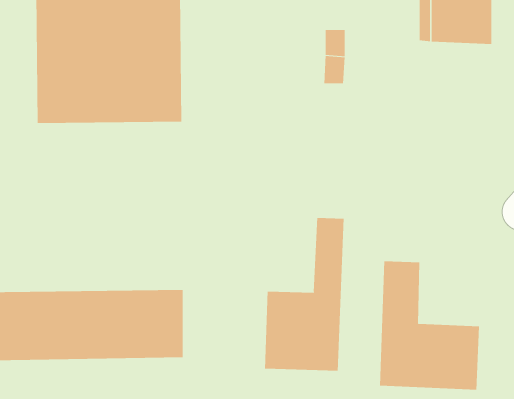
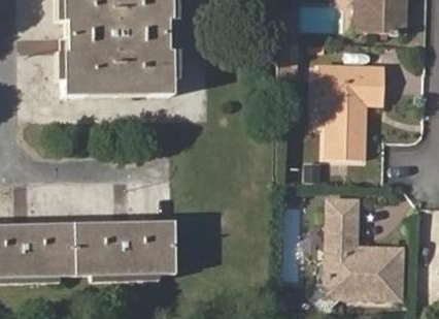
building: none -> [322,67,385,163]
building: [265,217,344,371] -> none

